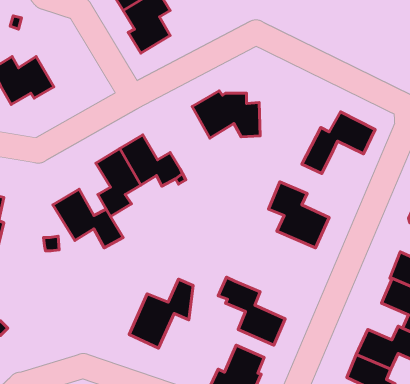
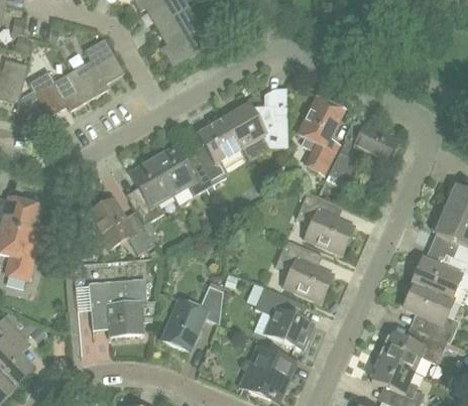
building: none -> [72,37,124,99]
building: none -> [298,96,342,173]
building: none -> [193,118,239,178]
building: none -> [275,239,333,302]
building: none -> [88,277,147,335]

